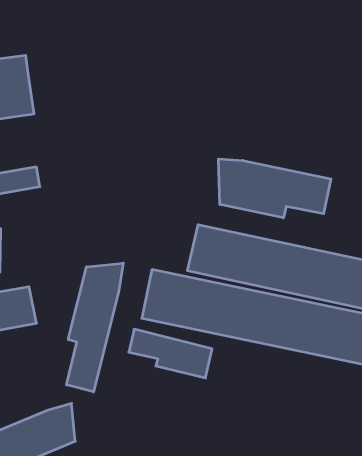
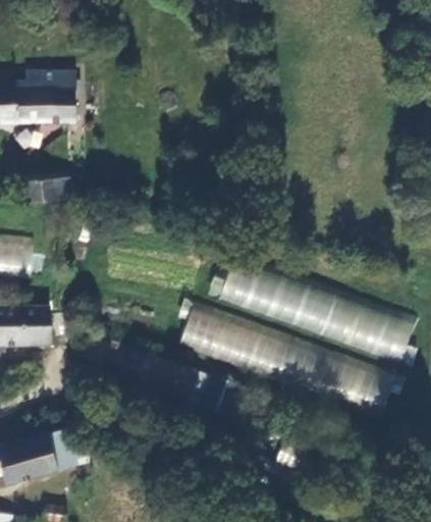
building: [218,159,331,218] -> none
building: [67,263,123,392] -> none

